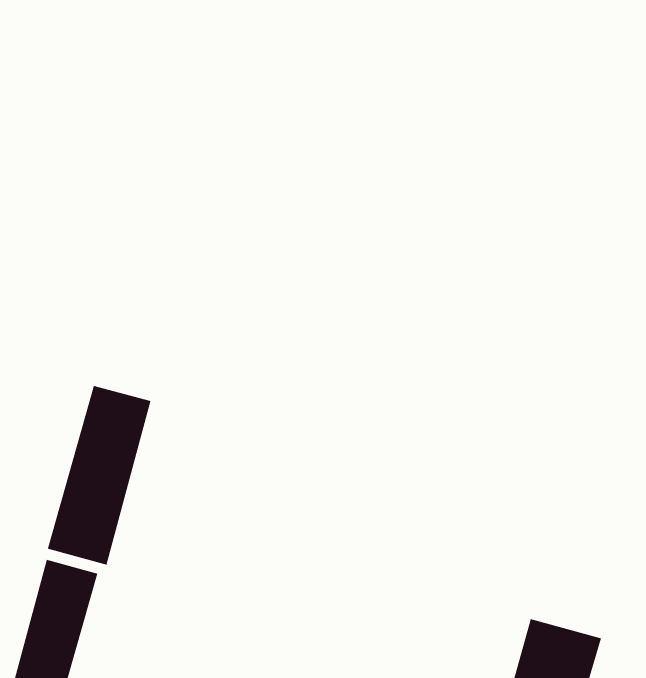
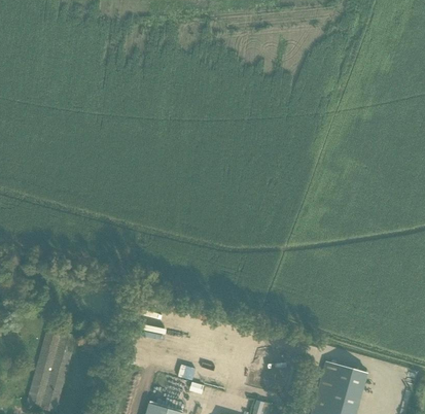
building: [47,385,151,565] -> none

